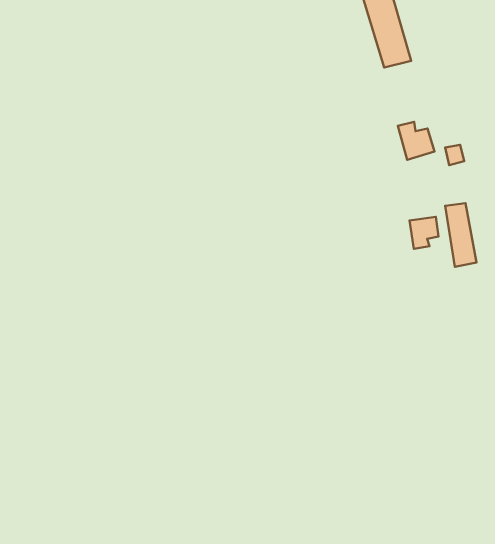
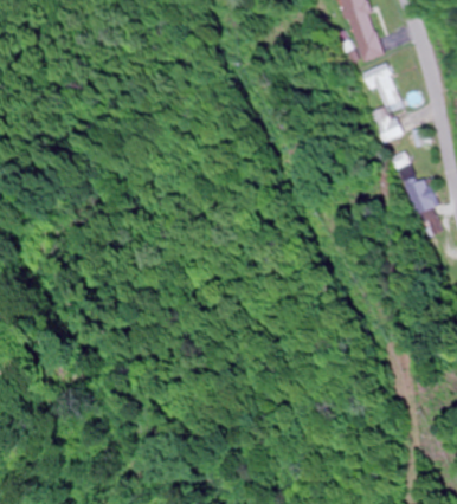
building: none -> [363,62,403,108]
building: [409,217,439,249] -> none

